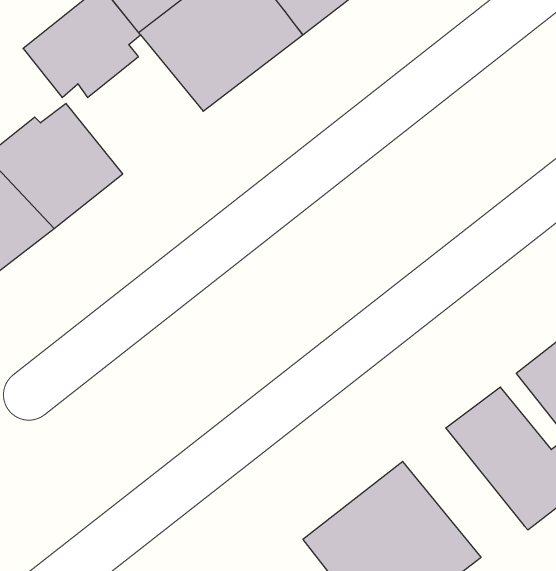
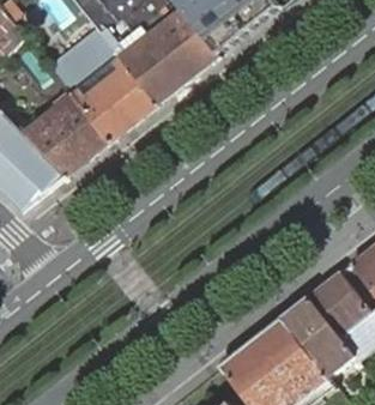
building: none -> [71,56,157,141]
building: none -> [279,297,353,377]

